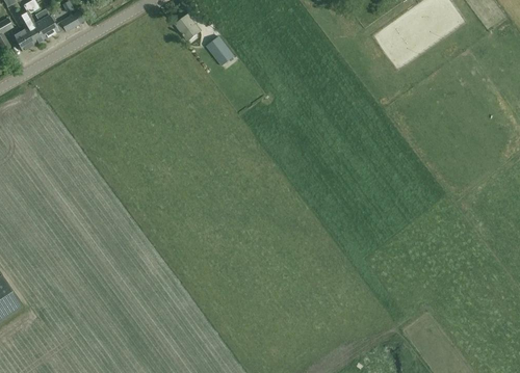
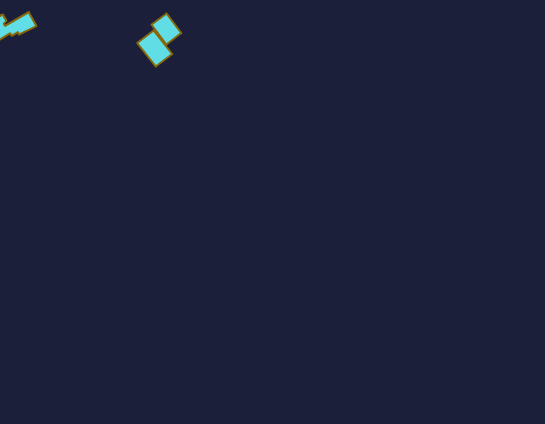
building: [205,36,234,66] -> [137,30,172,67]

